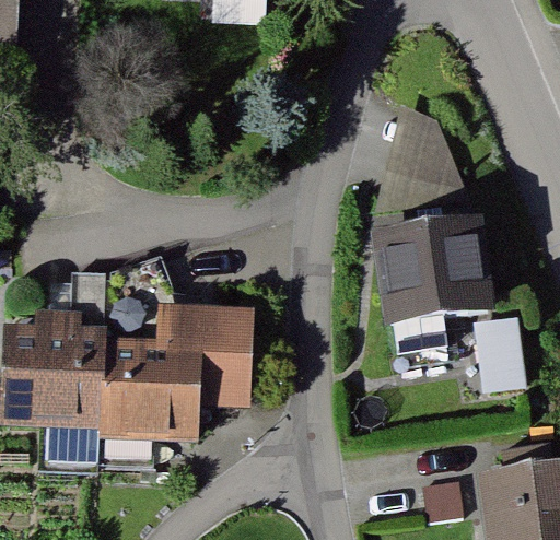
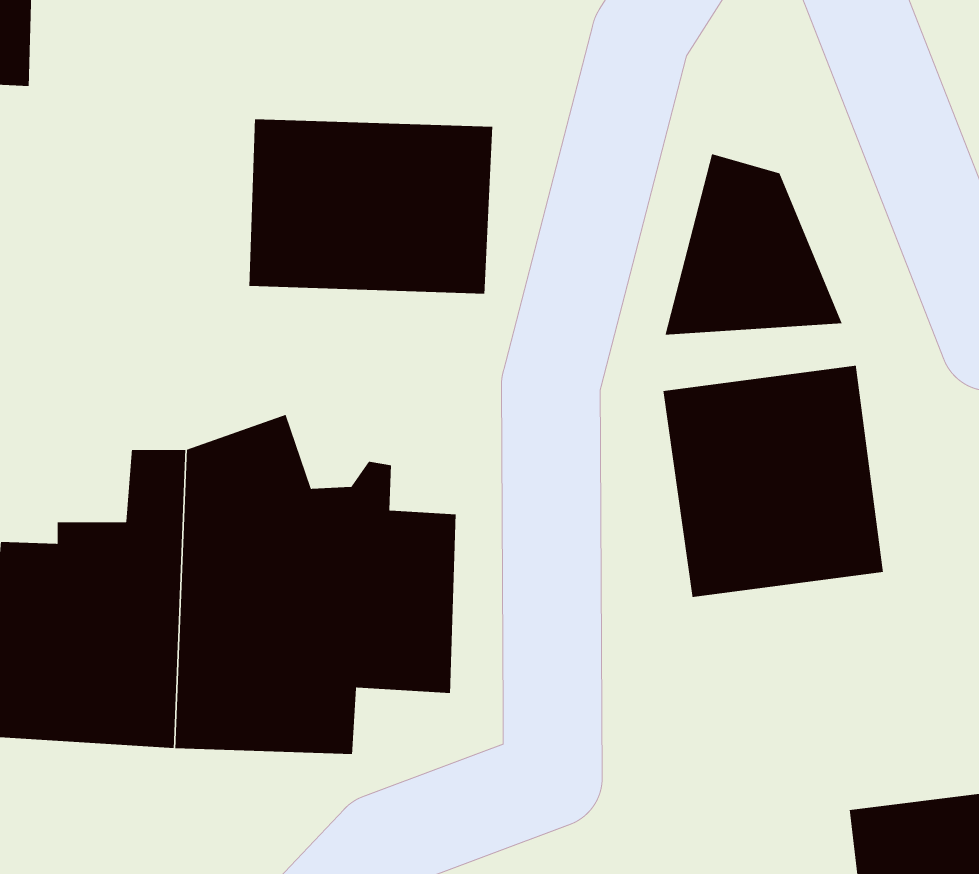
building: none -> [249,118,493,294]

